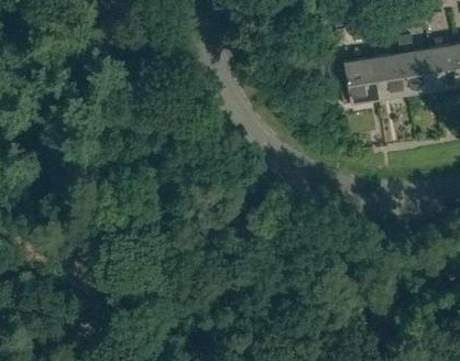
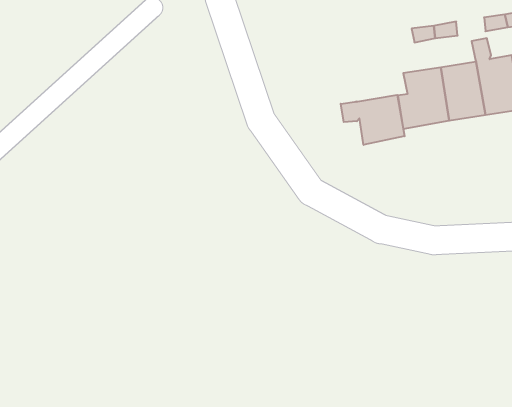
building: none -> [341,95,405,145]

